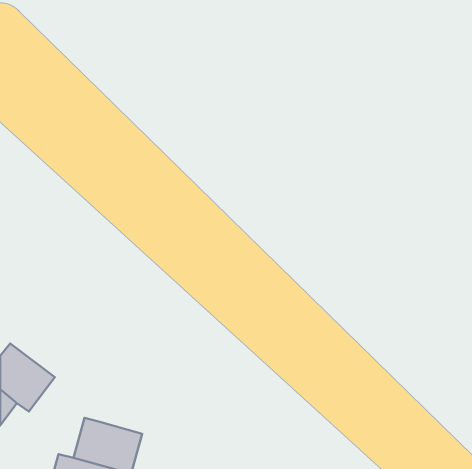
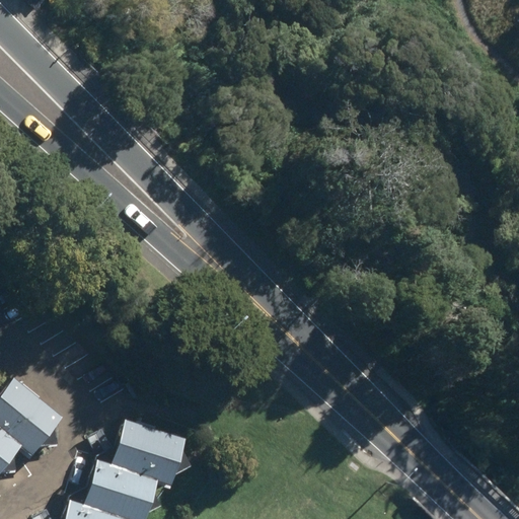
building: none -> [110,421,187,484]

